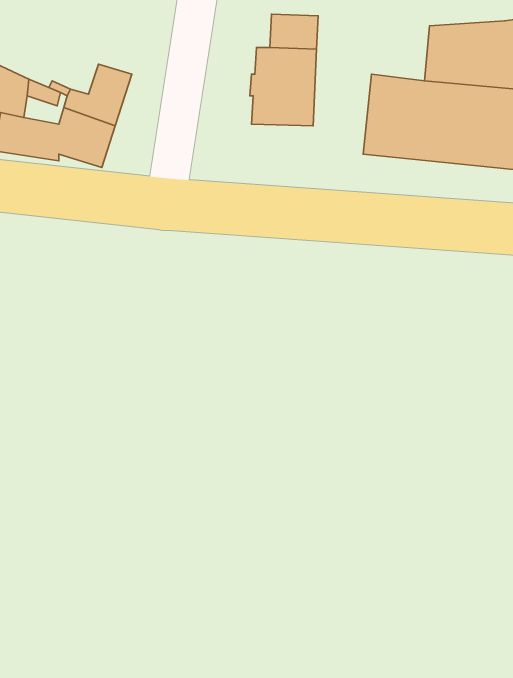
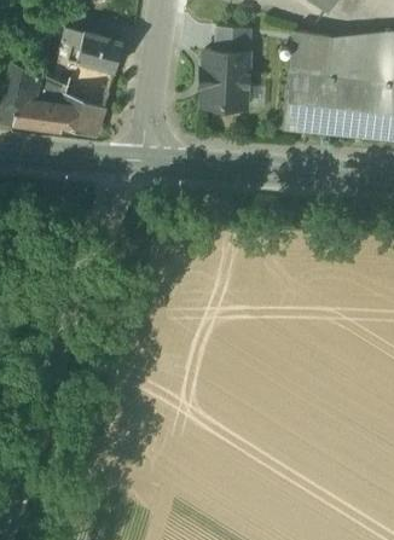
building: none -> [289,31,331,76]
building: none -> [69,33,124,71]

